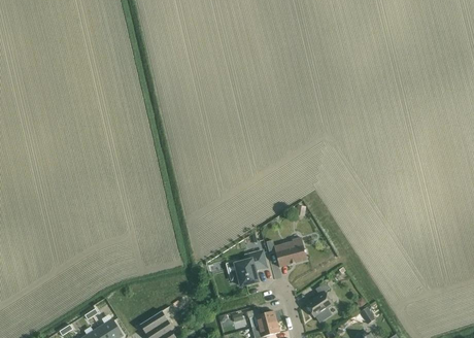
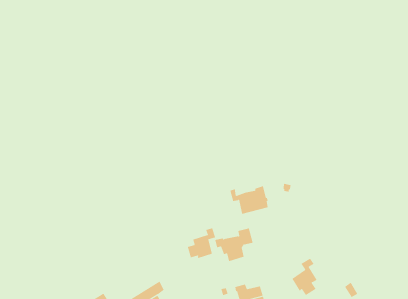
building: [267,237,307,267] -> [230,185,268,214]
building: none -> [187,228,216,259]

